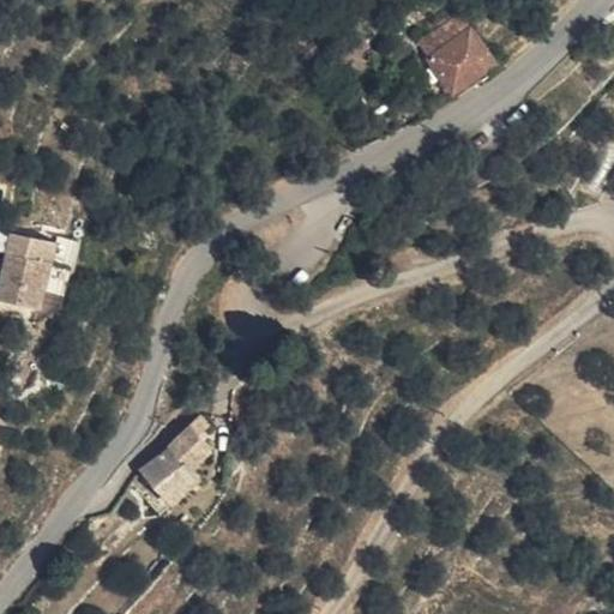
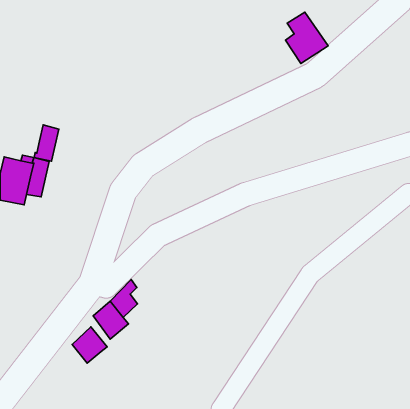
building: none -> [34,125,59,161]
building: none -> [72,327,107,363]

